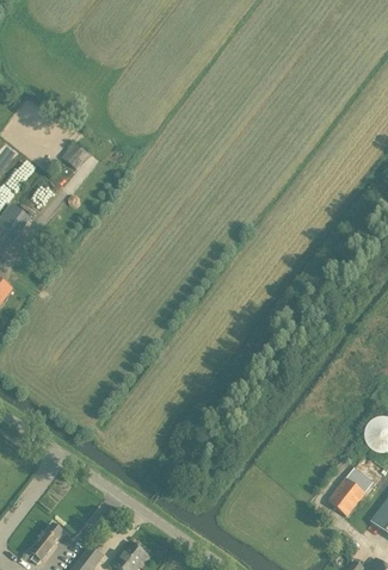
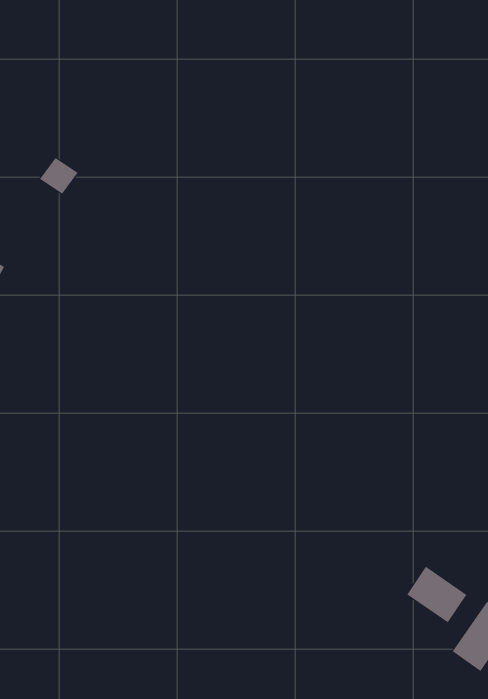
building: none -> [407,566,467,623]

